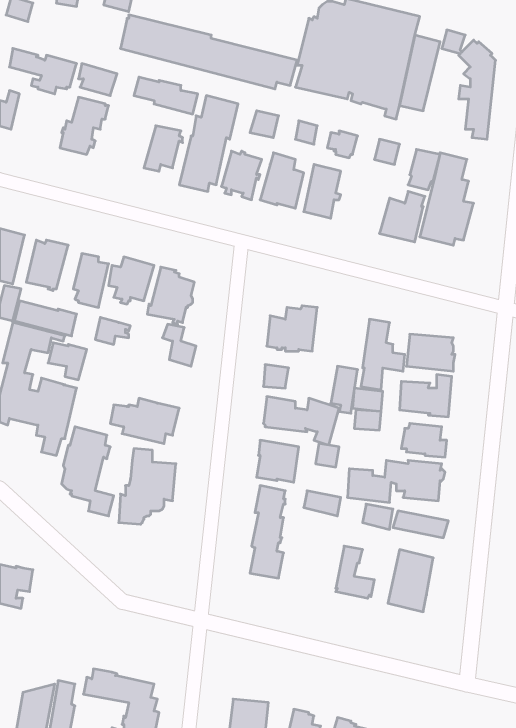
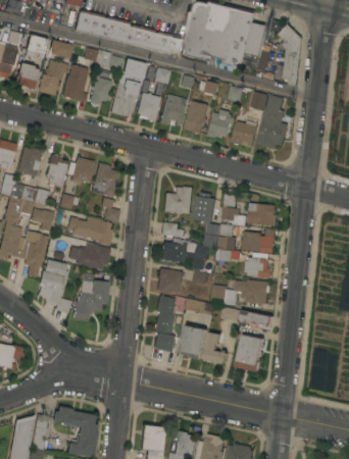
building: none -> [17,63,38,90]
building: none -> [62,65,88,103]
building: none -> [208,110,233,139]
building: none -> [194,193,215,221]
building: none -> [59,212,112,246]
building: none -> [180,325,207,360]

